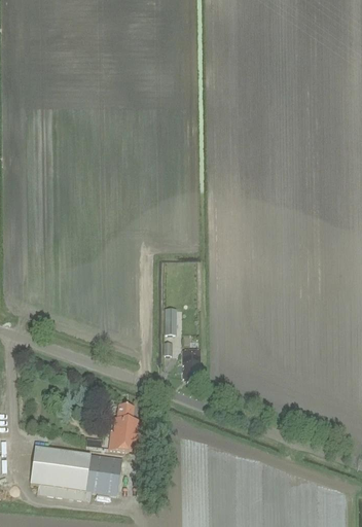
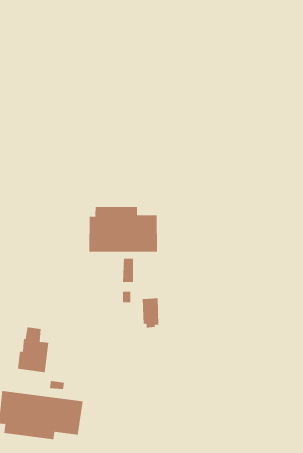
building: none -> [89,206,158,252]
building: [108,403,142,452] -> [17,327,49,373]

